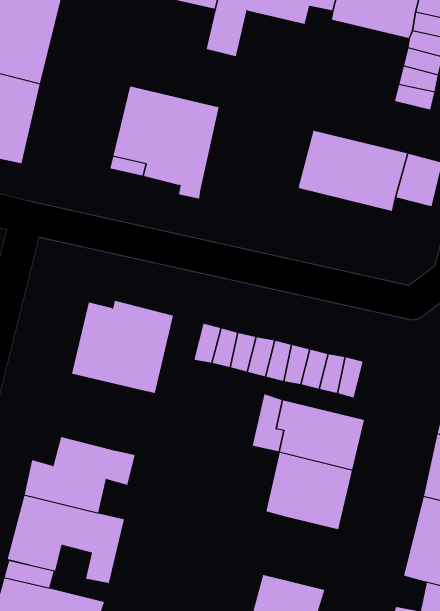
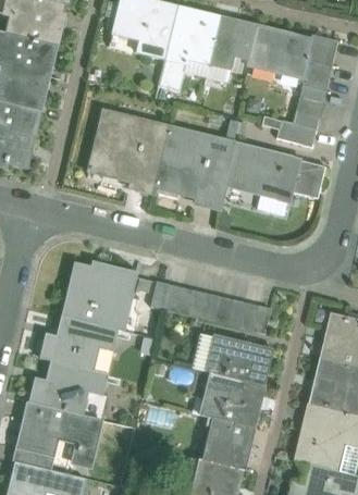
building: none -> [275,120,318,147]
building: none -> [155,127,234,209]
building: none -> [39,317,118,371]
building: none -> [202,418,252,470]

